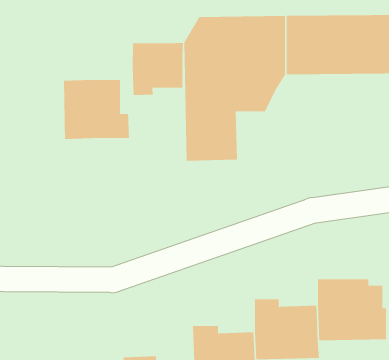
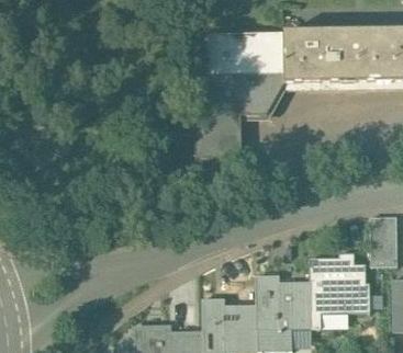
building: [132,42,183,96] -> none
building: [64,79,129,140] -> none

